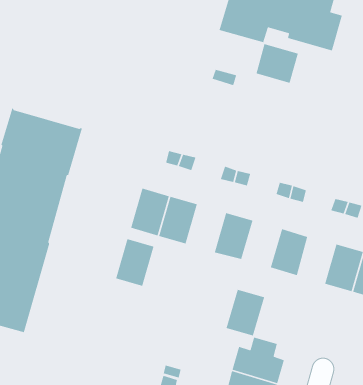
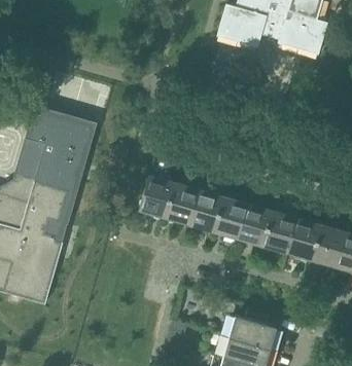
building: [255,43,299,84] -> none
building: none -> [287,219,321,261]
building: [115,238,155,287] -> [188,190,223,233]
building: [226,289,265,337] -> [238,205,273,247]

